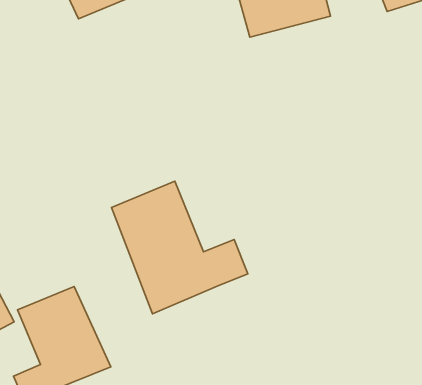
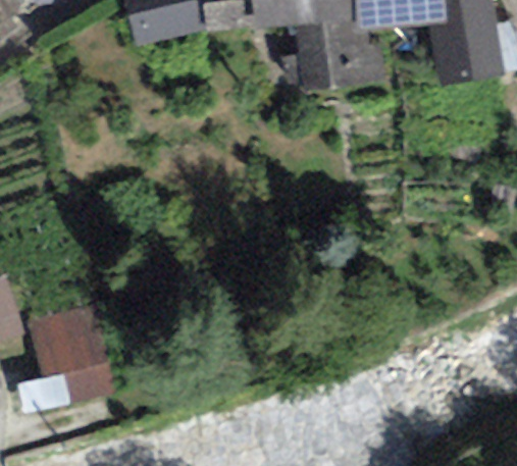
building: [112,181,248,314] -> none

